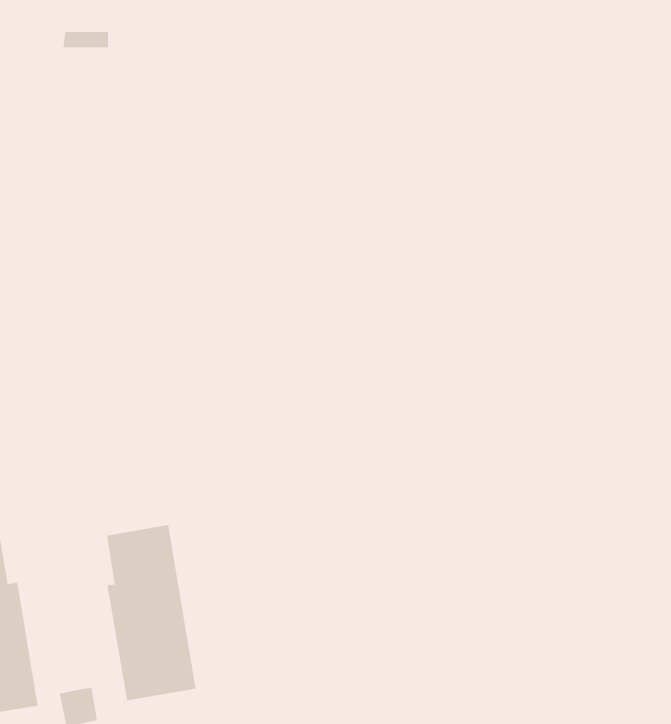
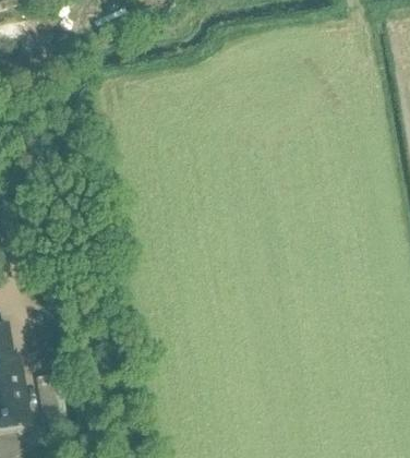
building: [106,524,196,701] -> none

